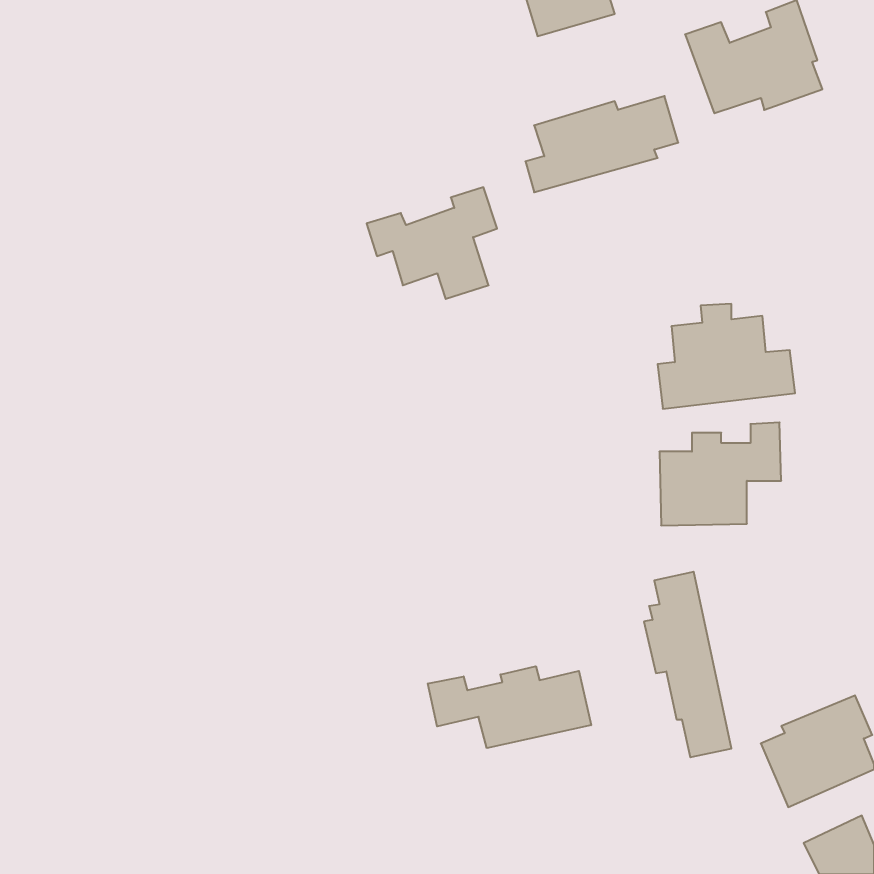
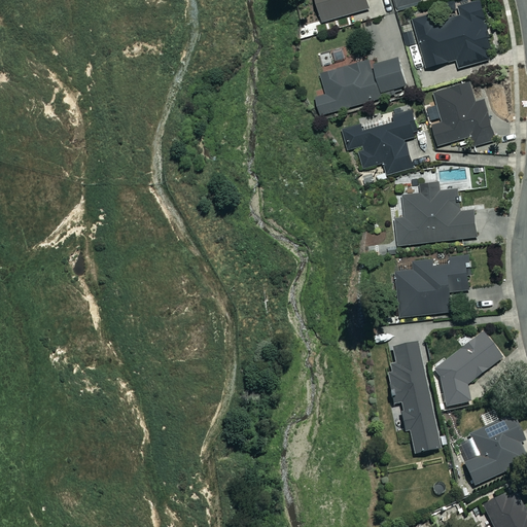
building: none -> [432,82,495,145]
building: [367,187,497,299] -> [341,109,419,176]
building: none -> [433,331,501,403]
building: [428,666,591,748] -> none

